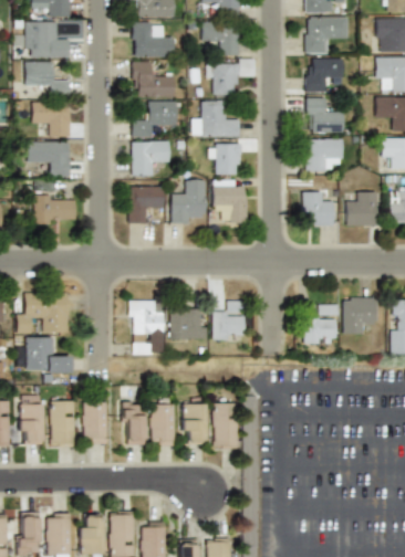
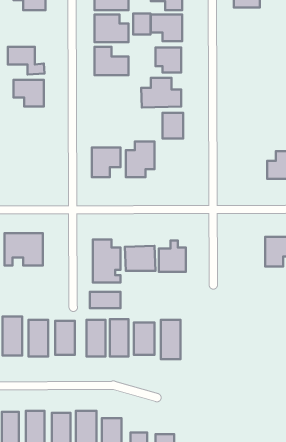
building: [305,18,350,54] -> none
building: none -> [133,14,151,34]
building: [25,22,71,57] -> none
building: [308,59,344,92] -> none
building: [308,98,345,133] -> none
building: [133,102,178,137] -> none
building: [307,139,344,172] -> none
building: [28,141,72,177] -> none
building: [133,141,169,176] -> none
building: [212,179,248,223] -> none
building: [303,191,335,225] -> none
building: [35,195,77,223] -> none
building: [304,305,339,344] -> none
building: [23,338,72,371] -> none
building: none -> [90,292,121,308]

